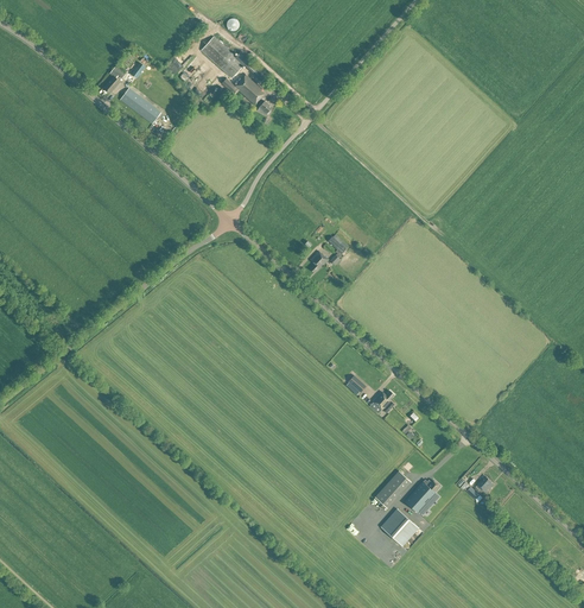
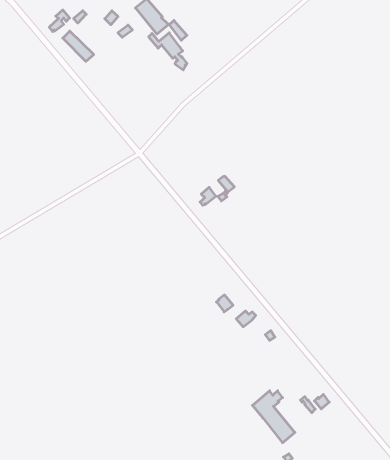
building: [373,471,410,509] -> none
building: [379,508,418,546] -> none

